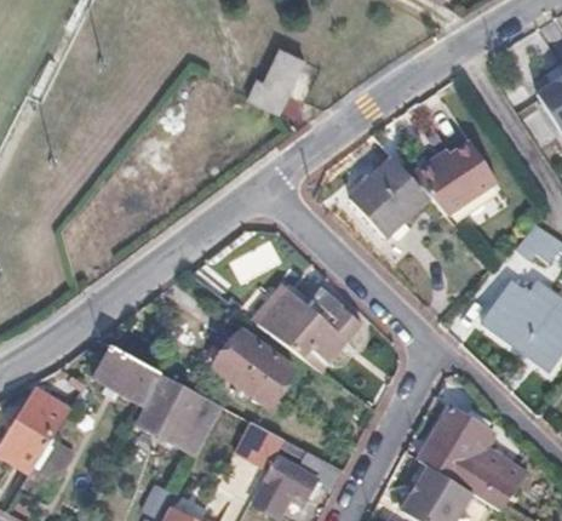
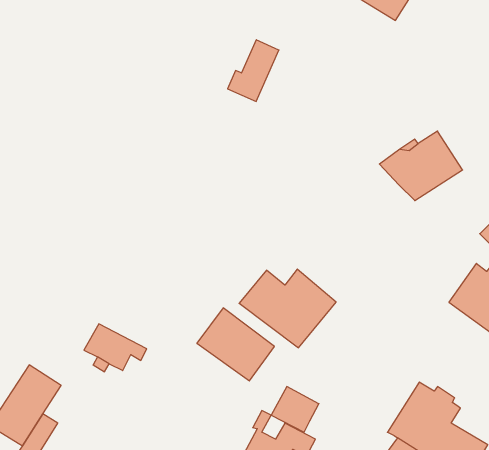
building: [349,159,429,239] -> none
building: [136,372,223,453] -> none
building: [233,419,283,468] -> [271,387,319,432]

